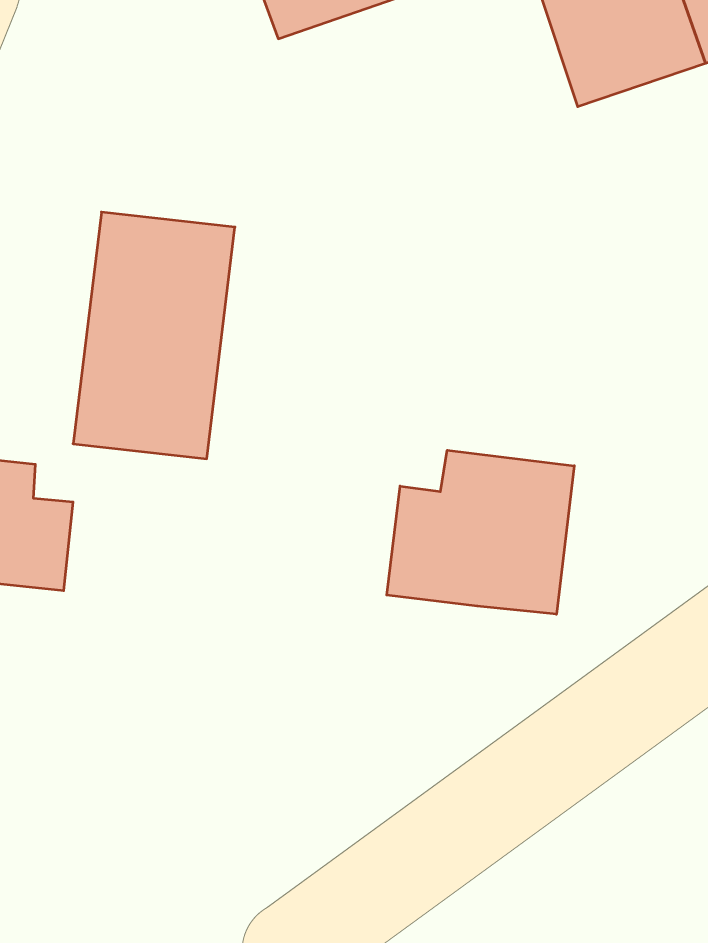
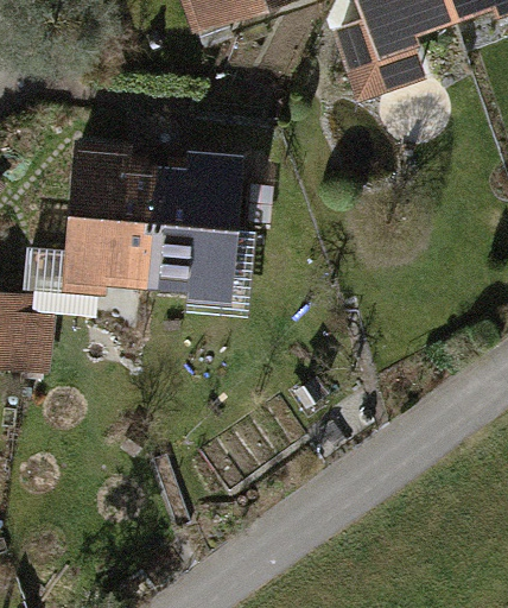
building: none -> [139,146,240,302]
building: [387,450,574,614] -> none

